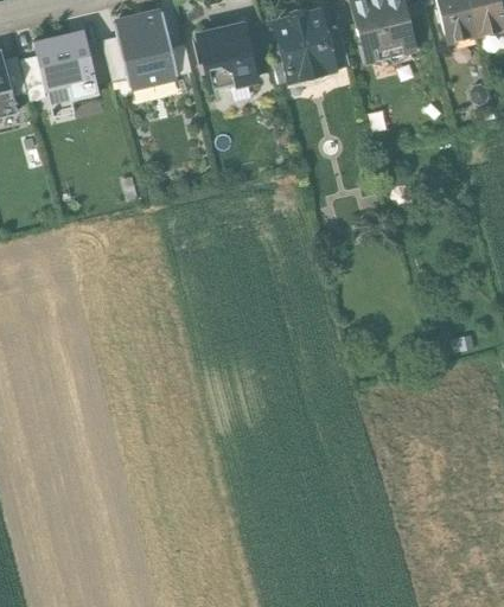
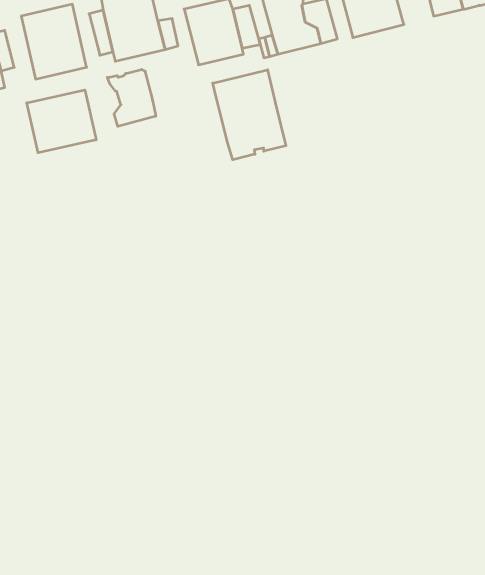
building: none -> [107,69,156,126]
building: none -> [213,70,286,160]
building: none -> [27,90,96,153]

